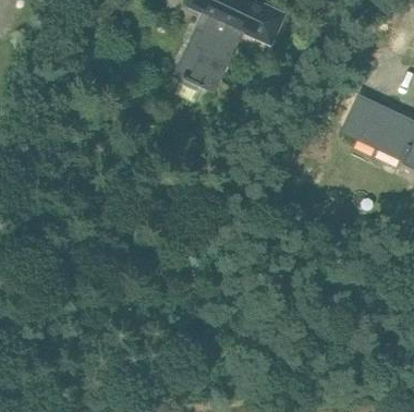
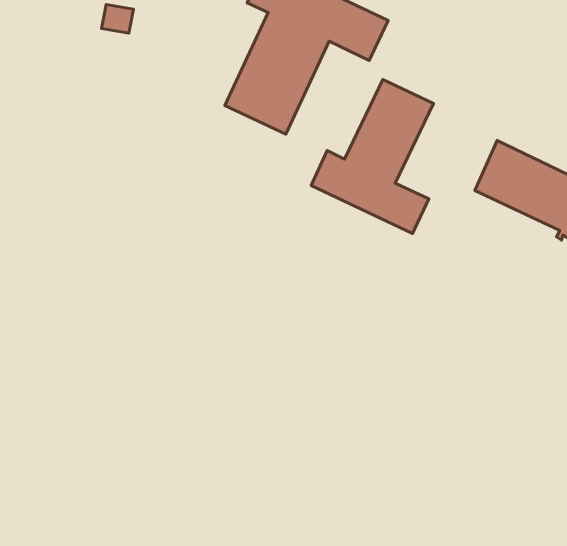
building: none -> [311,79,434,233]

